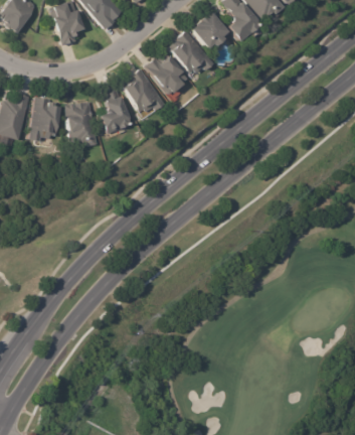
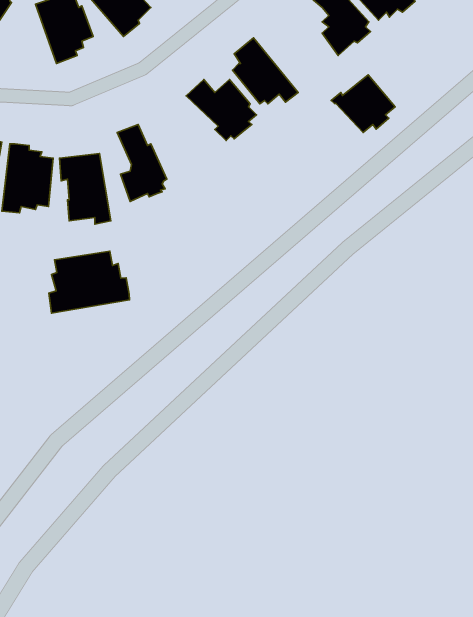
building: [188,12,228,48] -> [331,75,395,132]
building: [120,69,164,113] -> none
building: none -> [49,251,129,313]

